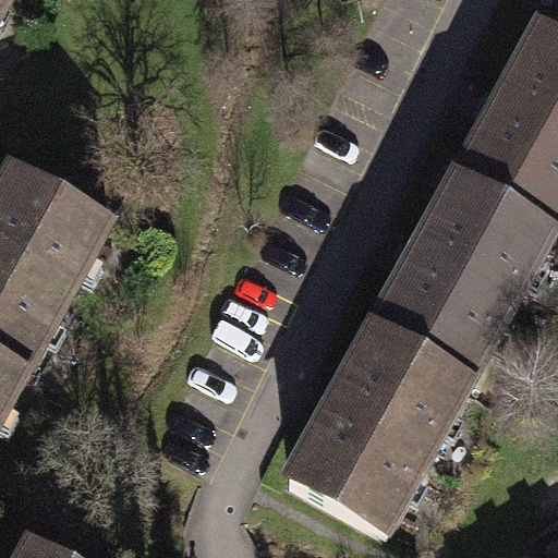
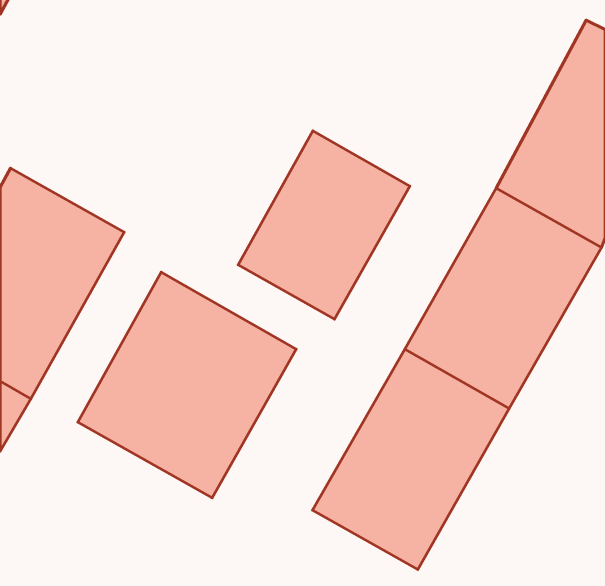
building: none -> [238,131,410,319]
building: none -> [78,272,296,498]

